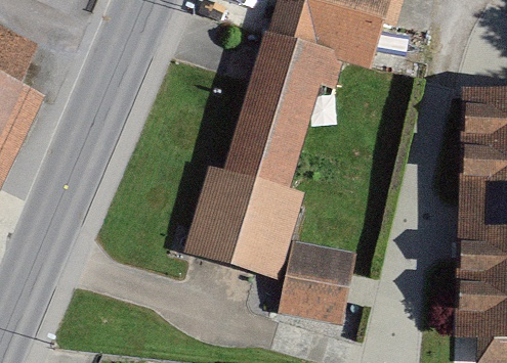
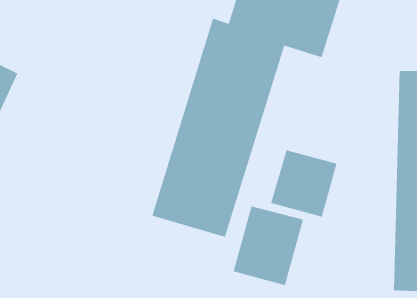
building: none -> [271,149,337,218]

